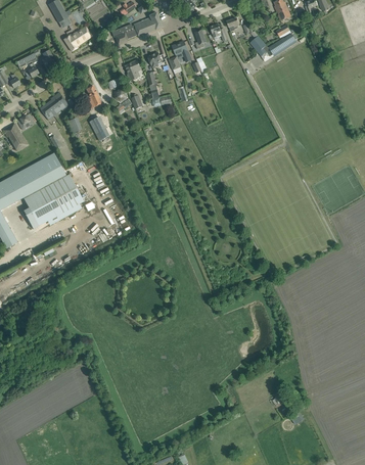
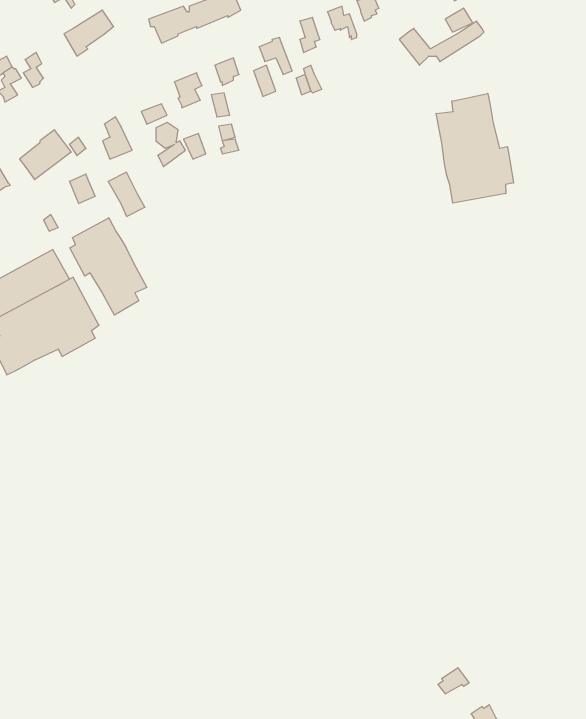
building: none -> [436,93,514,203]
building: none -> [70,218,147,315]

